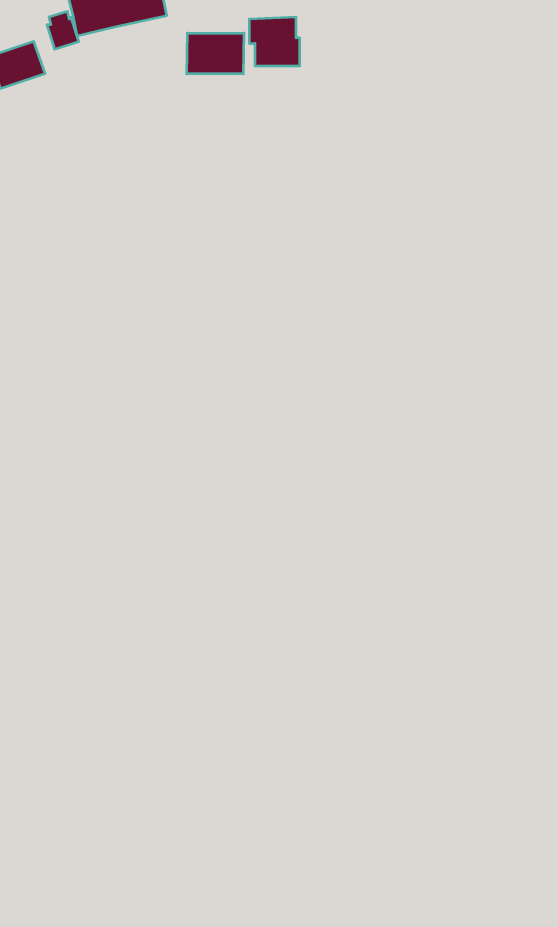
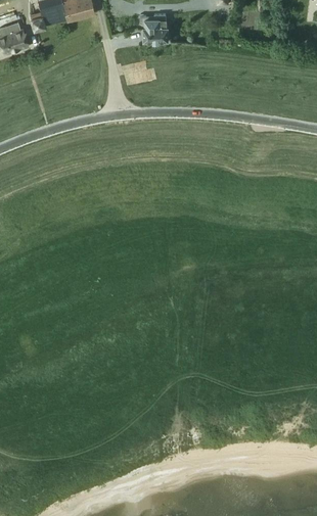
building: [187,33,244,74] -> none

